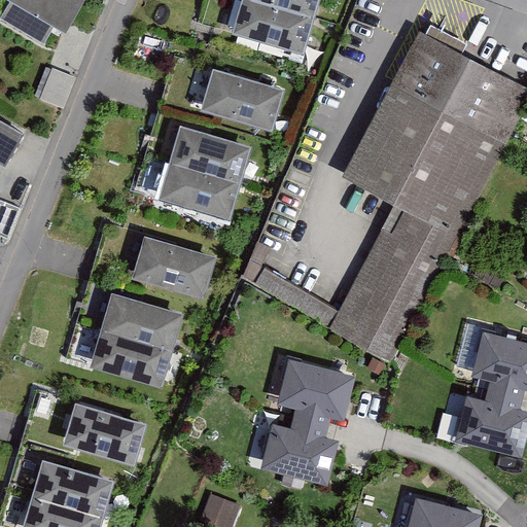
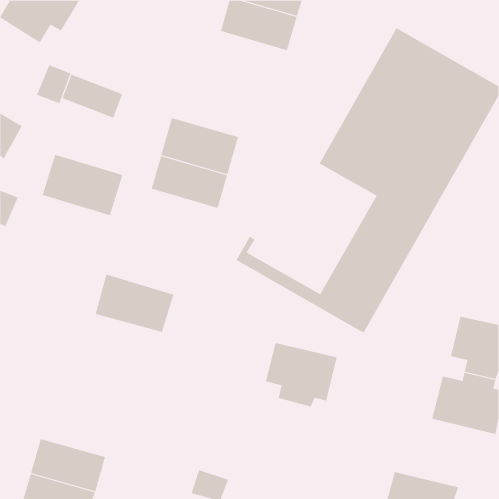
building: [198,67,284,135] -> none
building: none -> [62,74,123,118]
building: [130,234,215,298] -> [42,154,123,216]
building: [90,331,171,387] -> none
building: [62,399,144,464] -> none
building: [259,420,339,485] -> none

